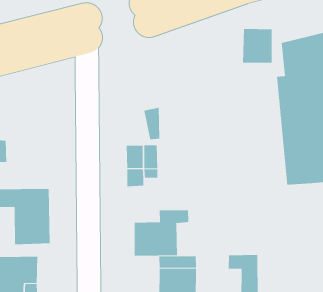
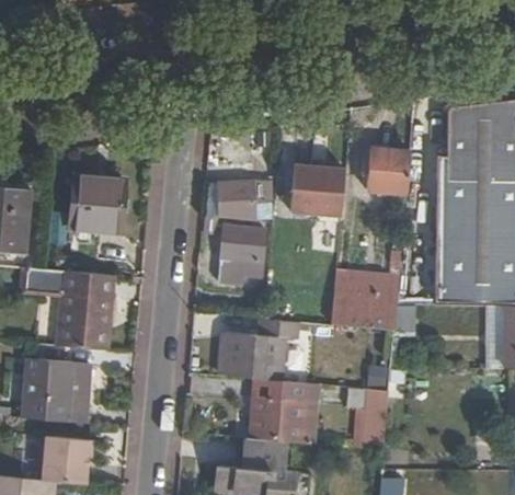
building: [242,29,272,63] -> [365,148,410,198]
building: none -> [289,161,345,216]
building: none -> [203,182,258,222]
building: none -> [70,175,124,230]
building: none -> [331,267,400,330]

